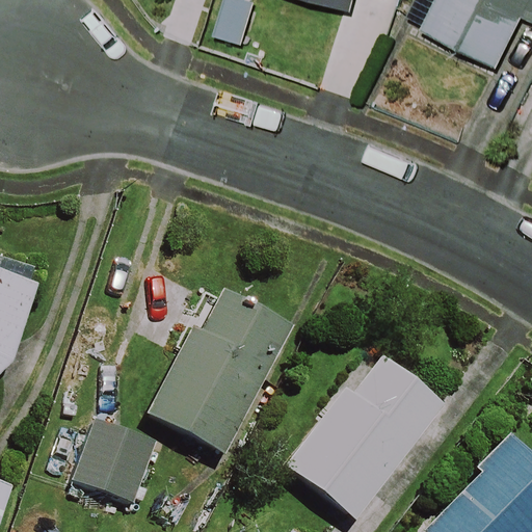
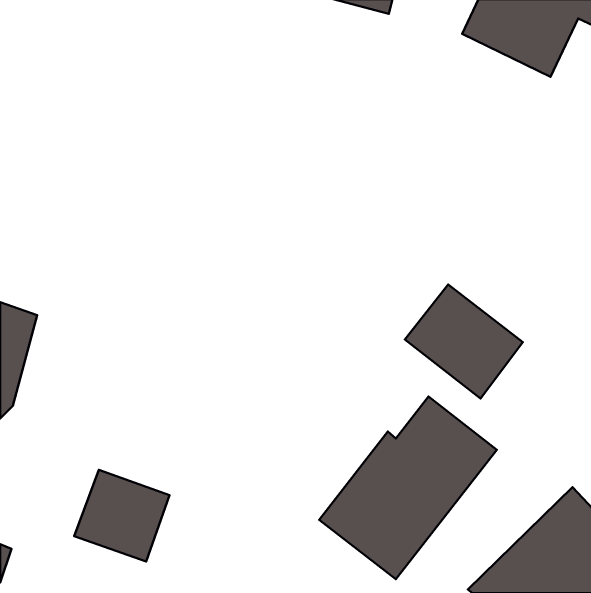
building: none -> [405,284,523,398]
building: [148,288,291,452] -> none

